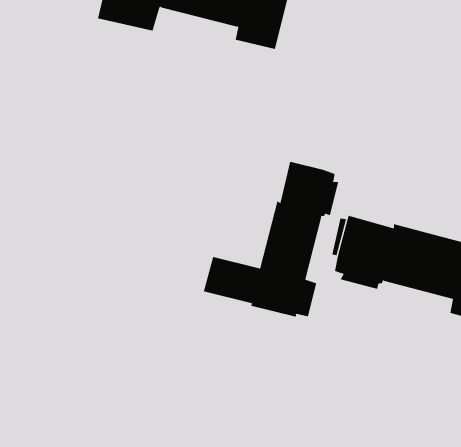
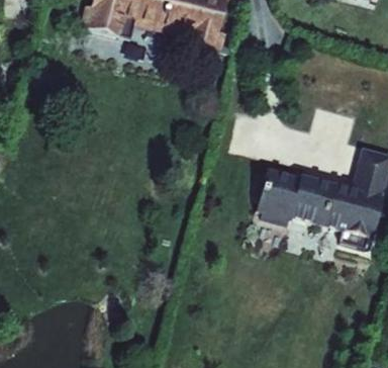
building: [203,161,339,317] -> none

